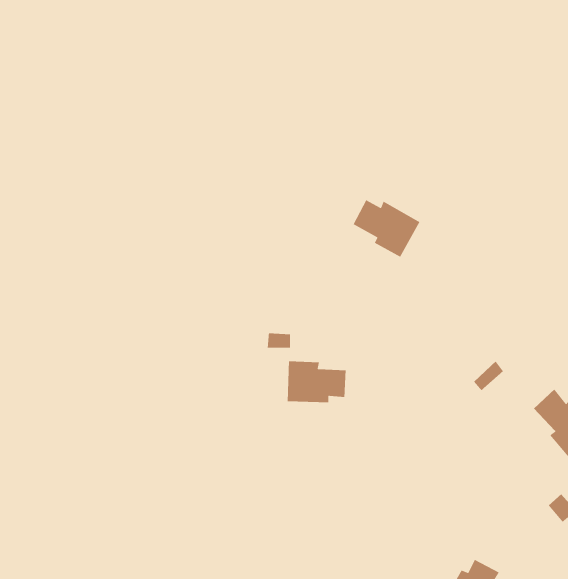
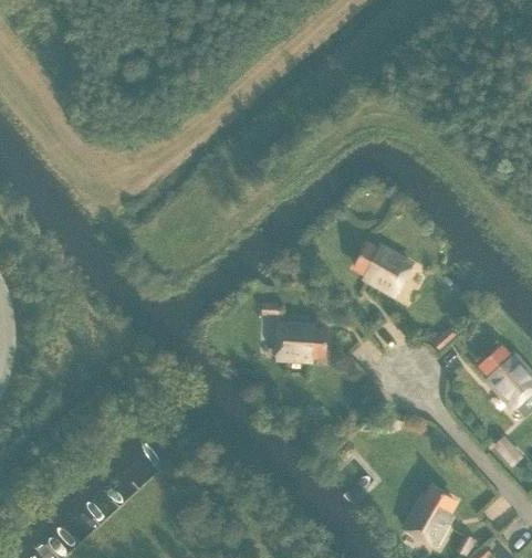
building: [353,199,420,258] -> [354,244,410,293]

